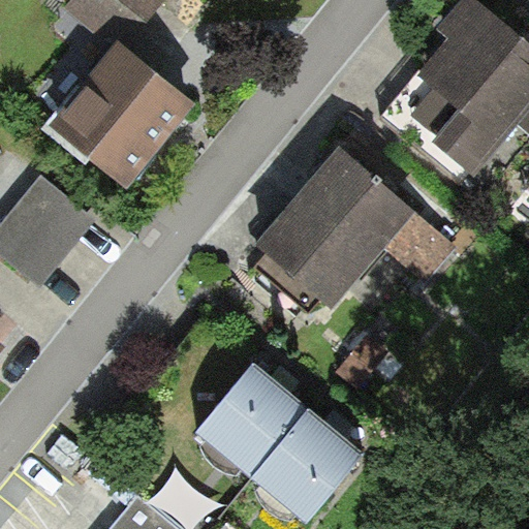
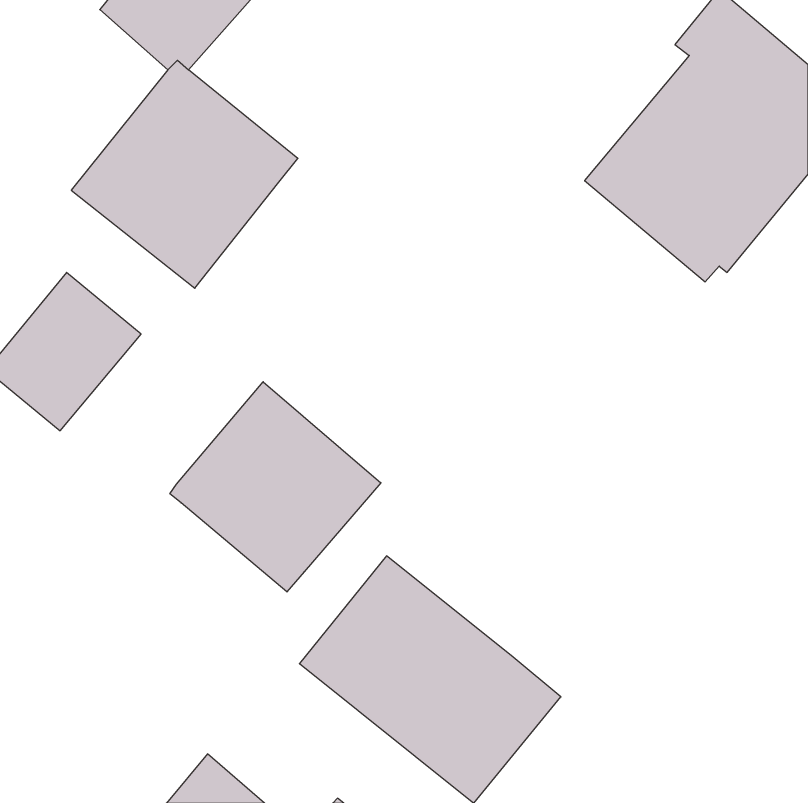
building: [251,142,459,312] -> none
building: none -> [170,382,381,592]

